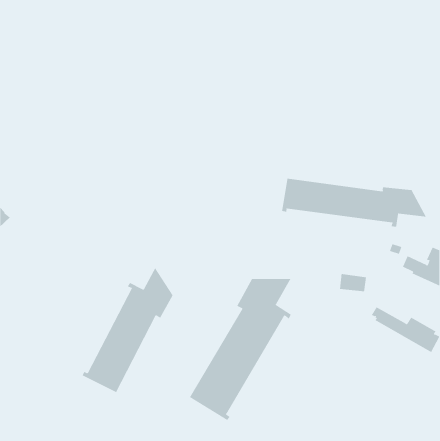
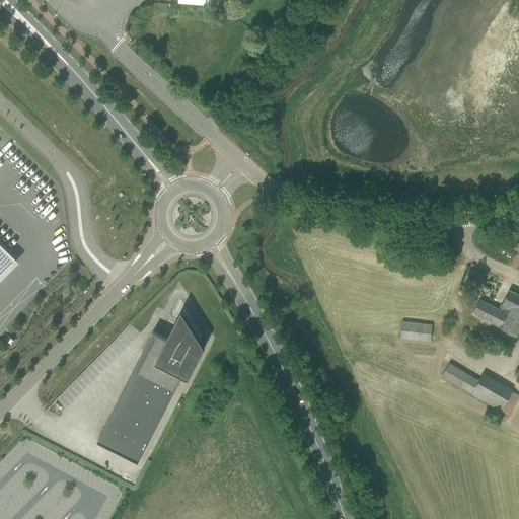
building: [282,178,427,227] -> none
building: [189,278,292,421] -> none

